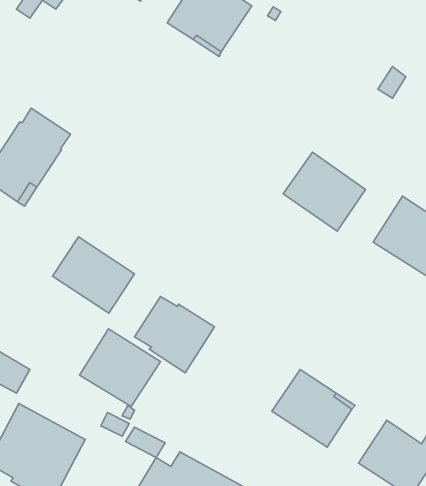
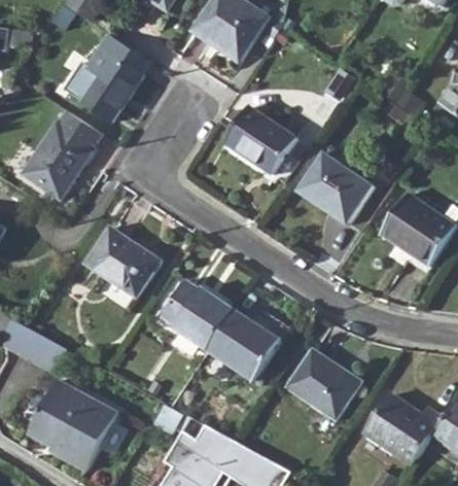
building: none -> [80,33,149,123]
building: none -> [224,106,297,174]
building: [79,329,160,407] -> [207,310,281,381]

